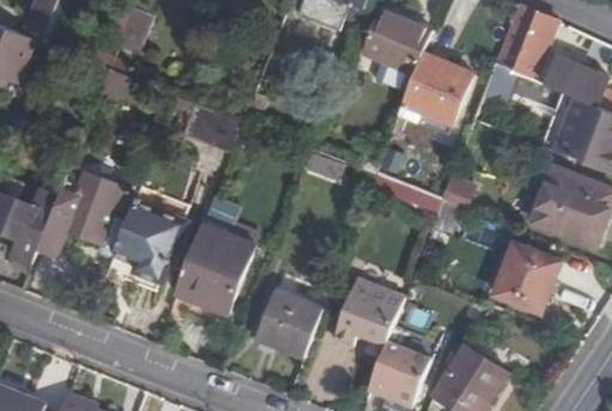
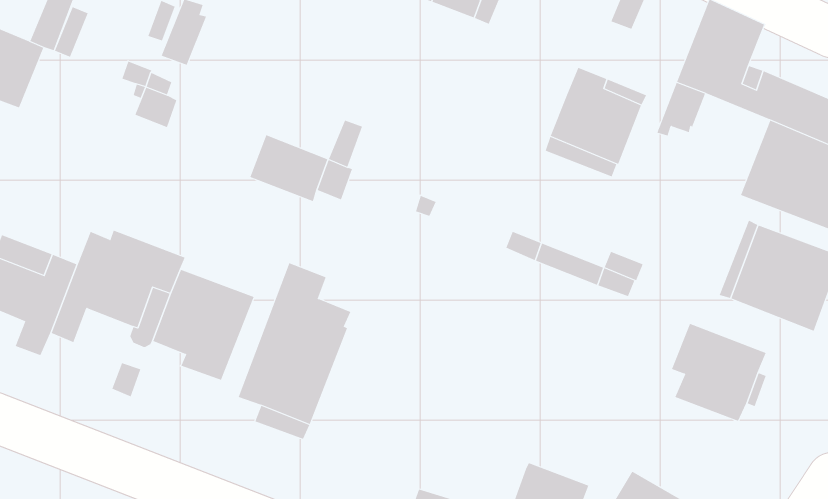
building: [361,8,432,73] -> none
building: [332,278,403,346] -> none
building: [256,289,322,355] -> none

